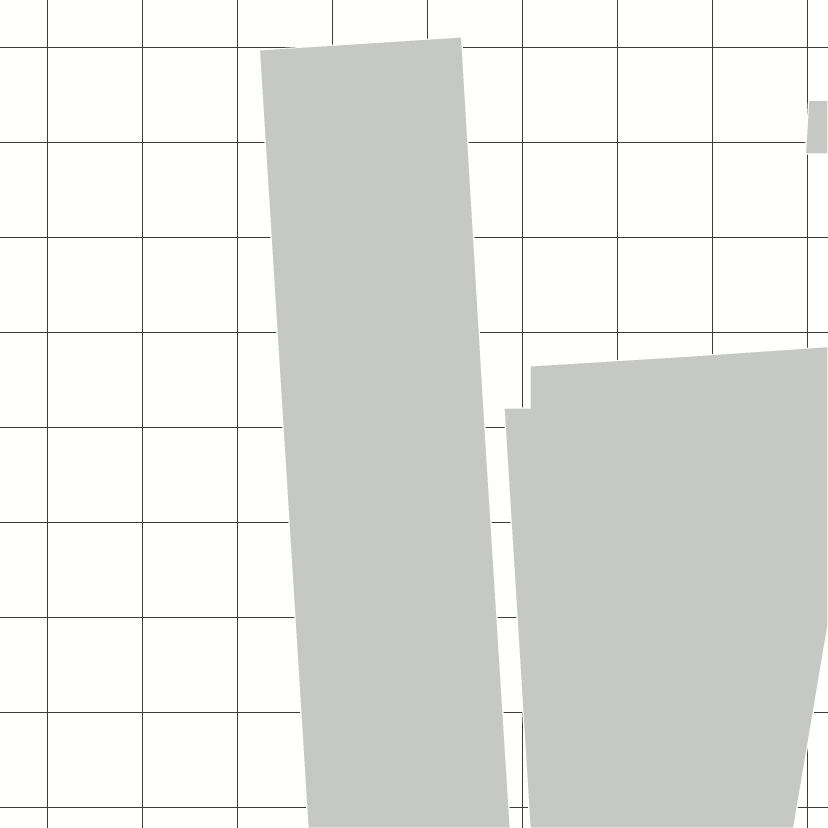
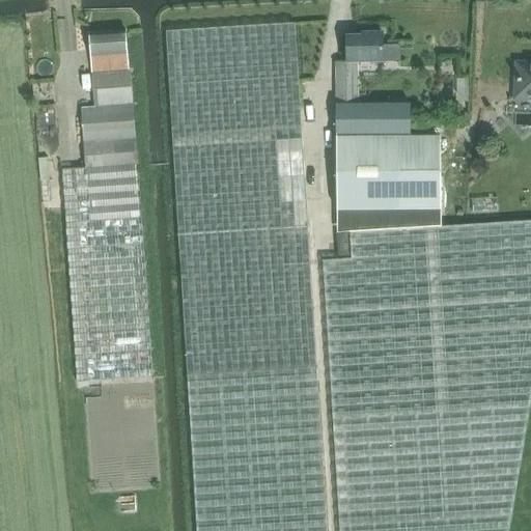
building: none -> [62,30,152,383]
building: none -> [336,34,440,234]

